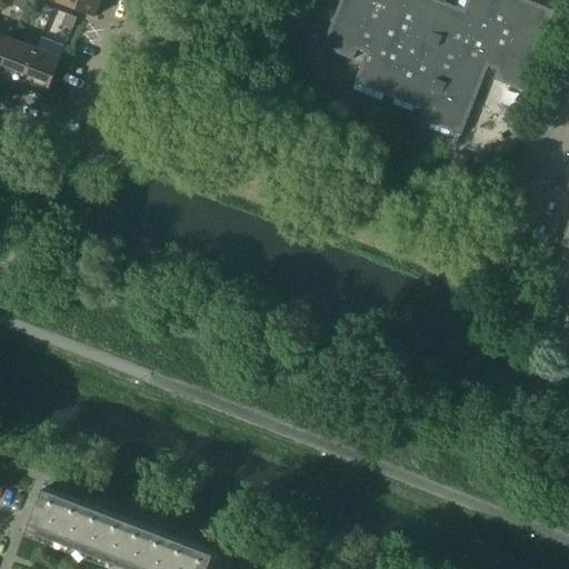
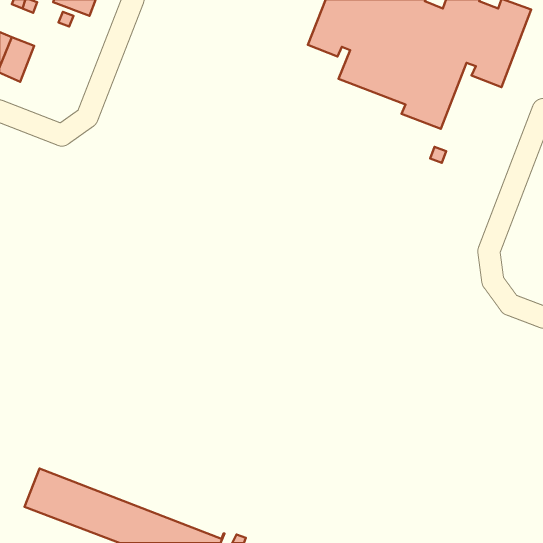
building: [21,48,60,94] -> none

